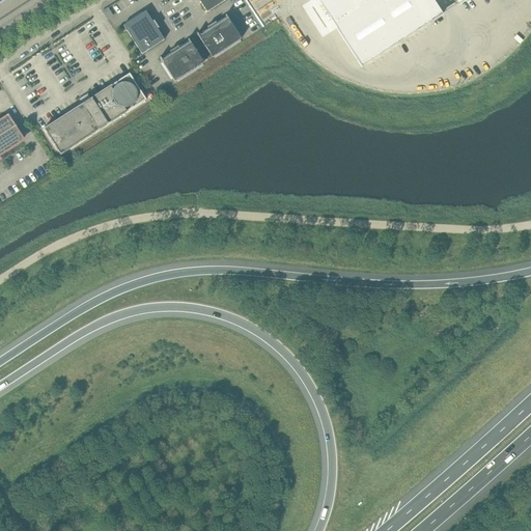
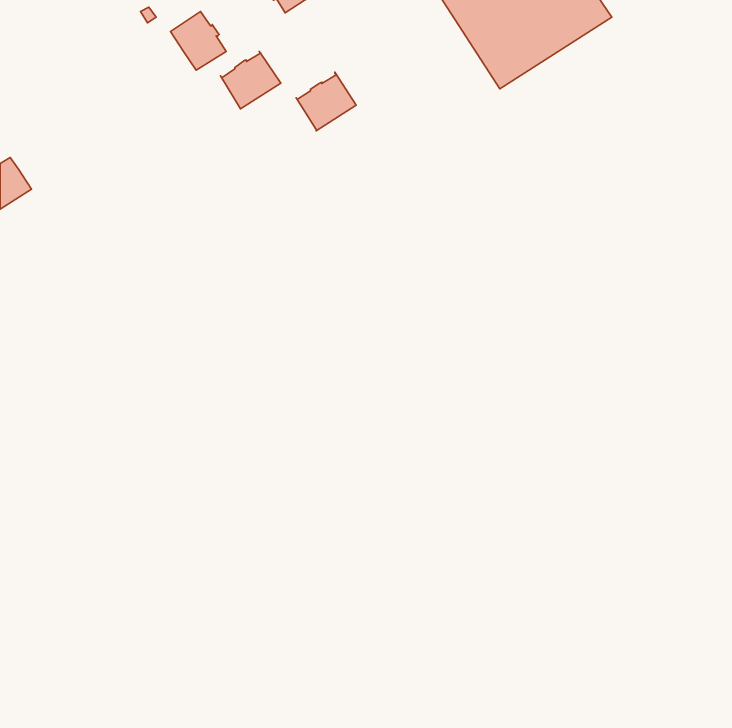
building: [197,12,241,55] -> [296,72,356,131]
building: [44,72,146,152] -> none

